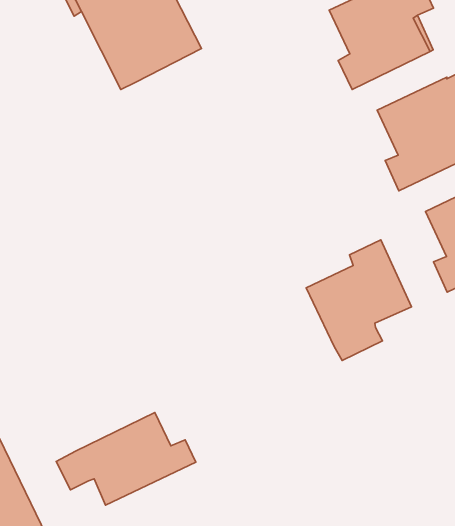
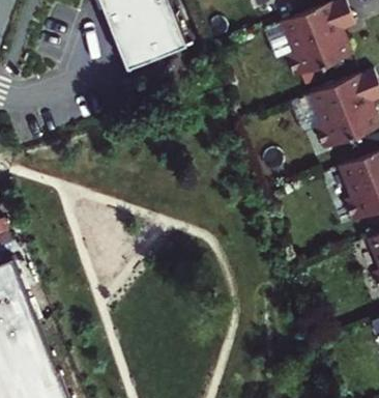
building: [306,240,412,360] -> none
building: [56,413,196,505] -> none

